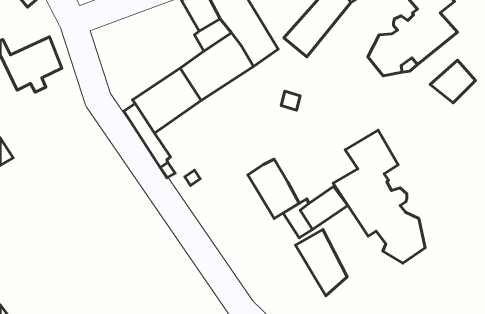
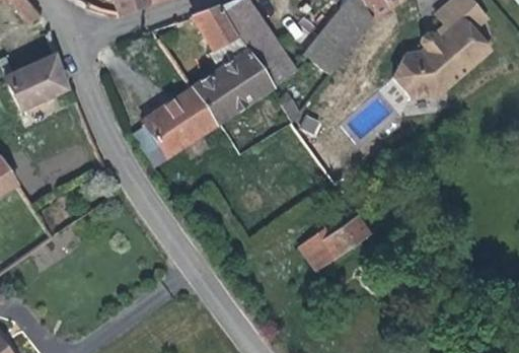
building: [430,60,476,103] -> none
building: [333,130,425,263] -> none
building: [248,159,299,219] -> none
building: [295,229,347,296] -> none

